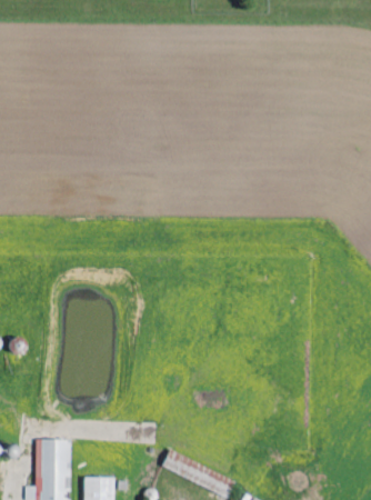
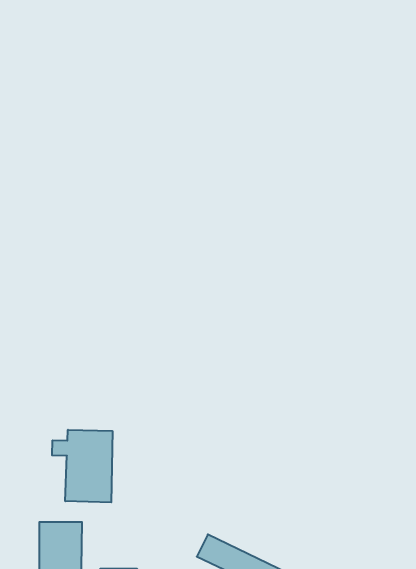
building: none -> [52,430,112,502]

